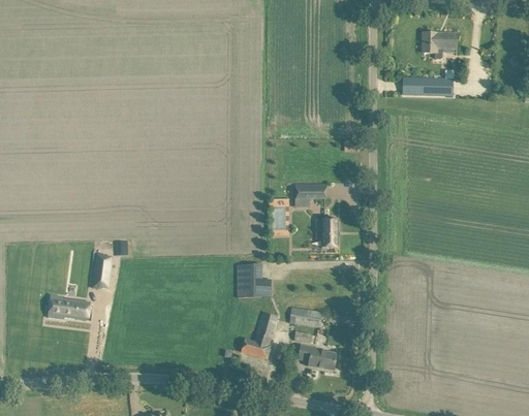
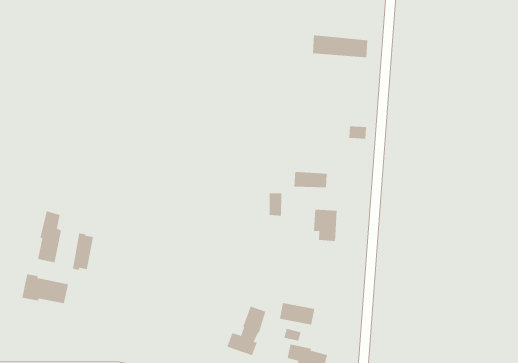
building: [422,31,456,53] -> none
building: [402,76,454,95] -> [312,35,368,58]
building: none -> [38,211,61,263]
building: [236,263,271,296] -> none

